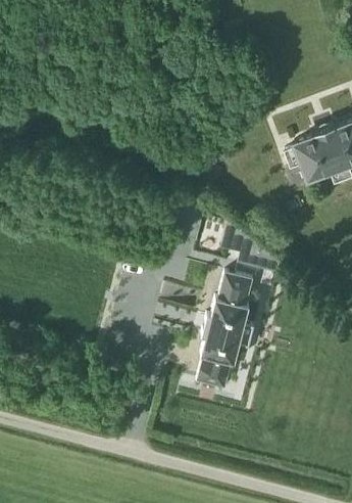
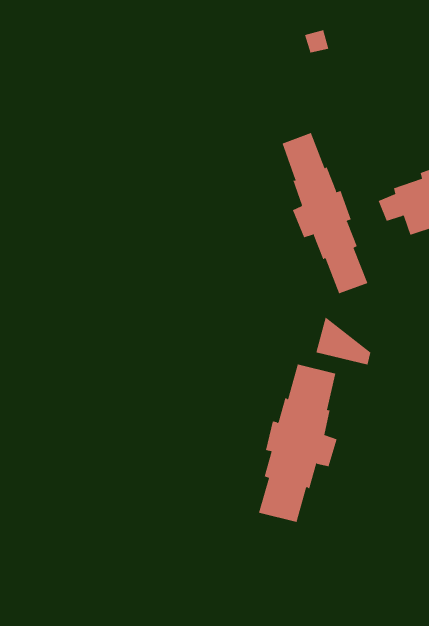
building: none -> [282,132,368,294]

